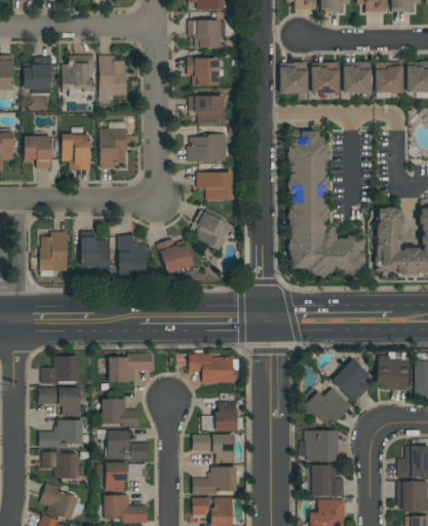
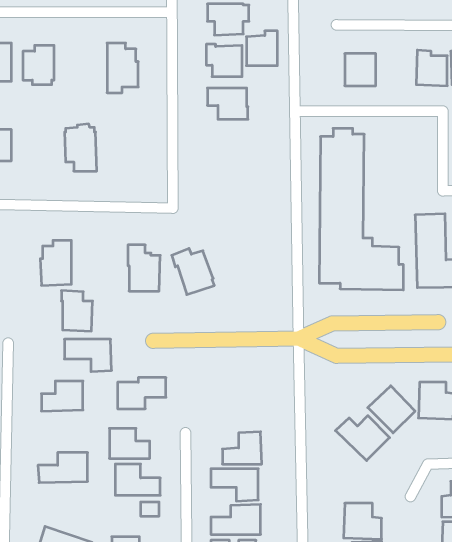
building: [63,55,95,98] -> none
building: [279,63,307,93] -> [246,31,277,66]
building: [343,68,372,93] -> none
building: [101,121,138,168] -> none
building: [188,134,227,161] -> none
building: [25,137,52,168] -> none
building: [197,172,234,199] -> none
building: [195,211,232,250] -> none
building: [81,231,109,267] -> [61,291,93,331]
building: [189,354,234,383] -> none
building: [38,387,80,416] -> [64,339,112,372]
building: [300,430,338,461] -> none
building: [41,452,84,478] -> none
building: [105,462,127,490] -> none

